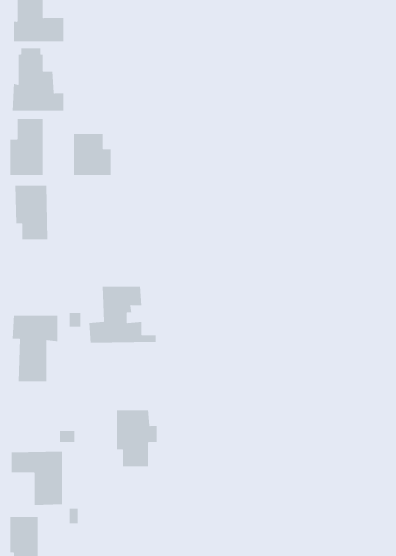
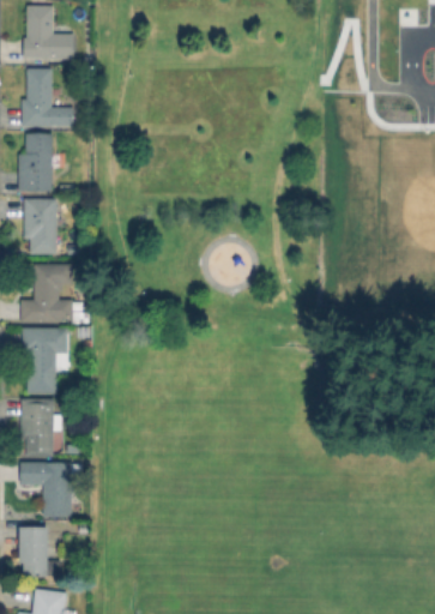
building: [73,133,111,176] -> none
building: [89,286,157,343] -> [22,265,89,321]
building: [116,410,157,467] -> [23,399,64,456]

